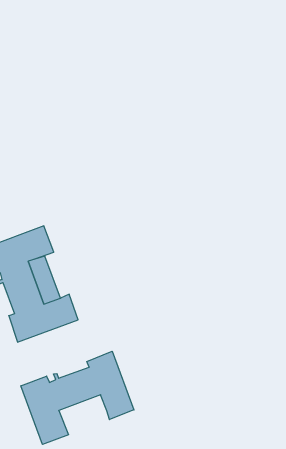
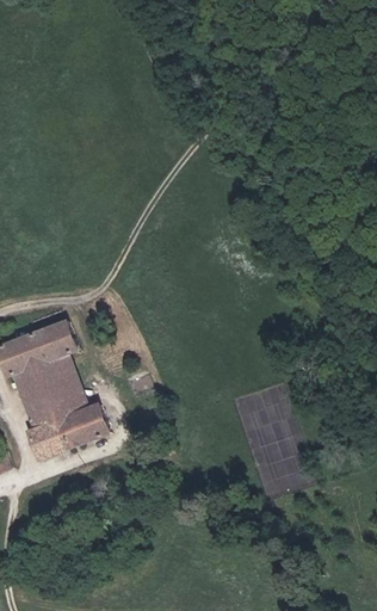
building: [21,351,134,444] -> none

